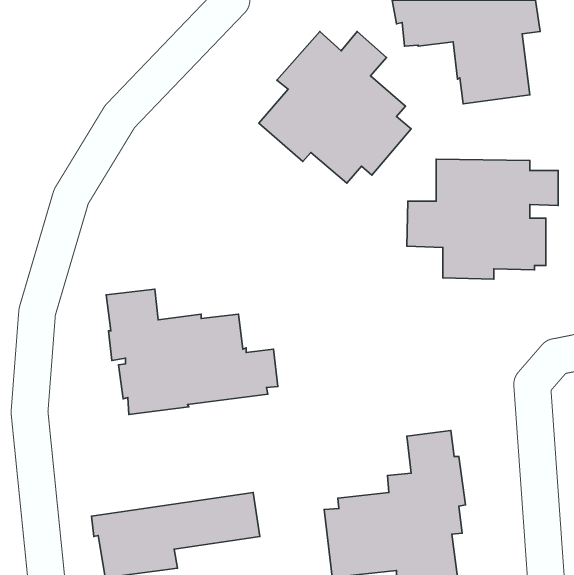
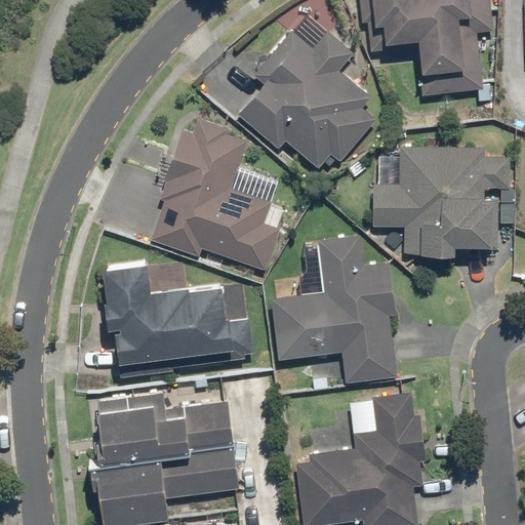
building: none -> [151,119,280,271]
building: none -> [271,236,398,383]
building: none -> [91,395,233,465]

